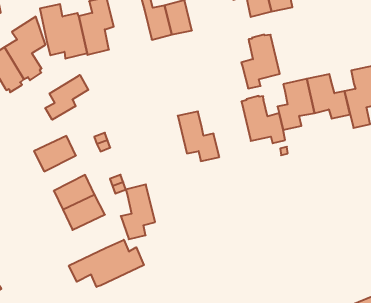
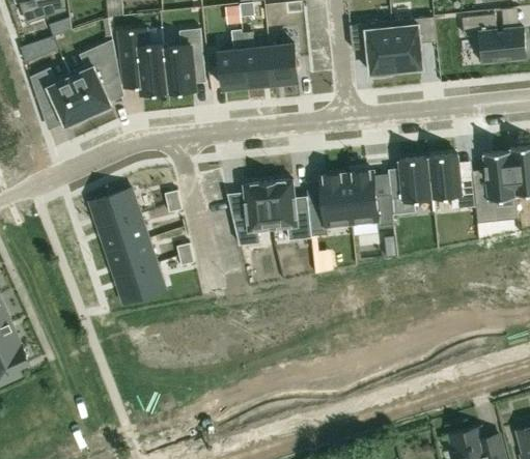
building: none -> [219,49,248,88]
building: [241,35,280,88] -> [307,173,352,235]
building: [45,75,88,120] -> none
building: none -> [99,213,147,253]
building: [121,184,155,239] -> [232,181,273,245]
building: [69,240,144,287] -> none

